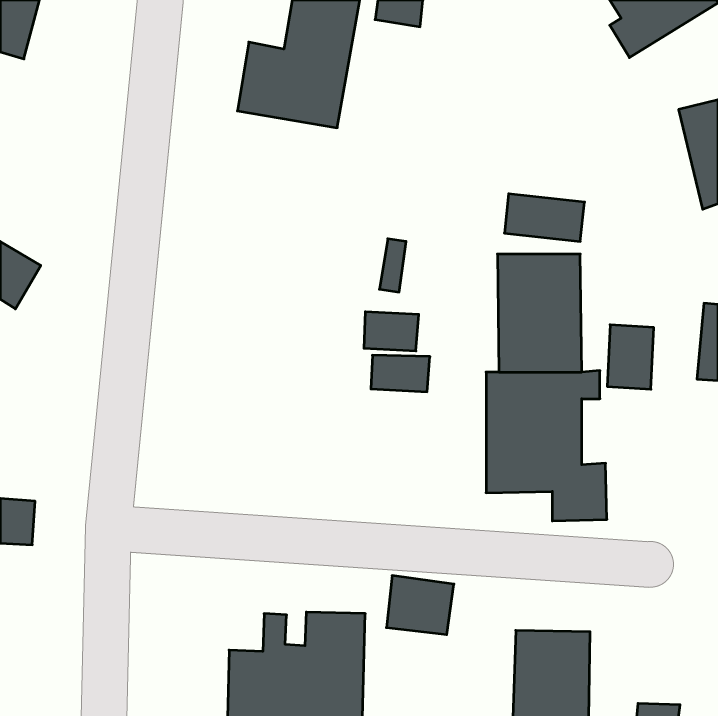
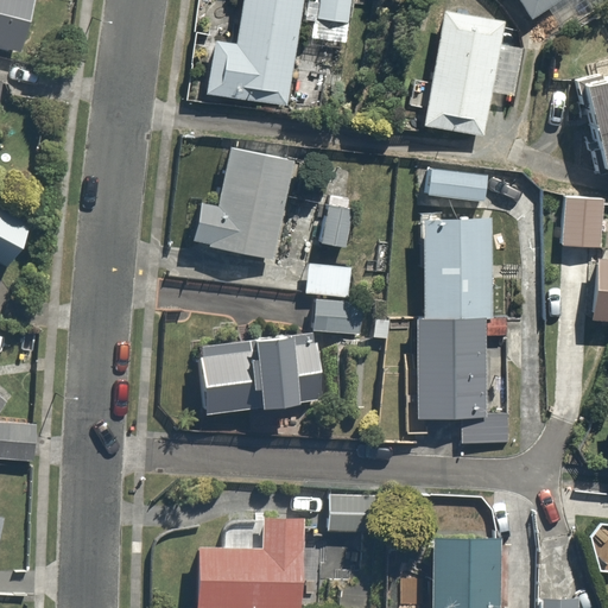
building: none -> [422,7,525,137]
building: none -> [192,140,302,261]
building: [607,325,654,389] -> [560,195,600,249]
building: none -> [203,338,324,412]

